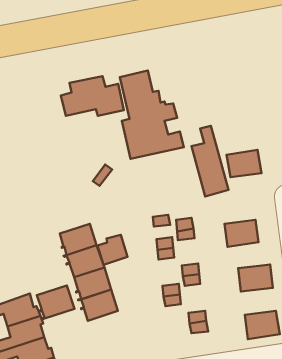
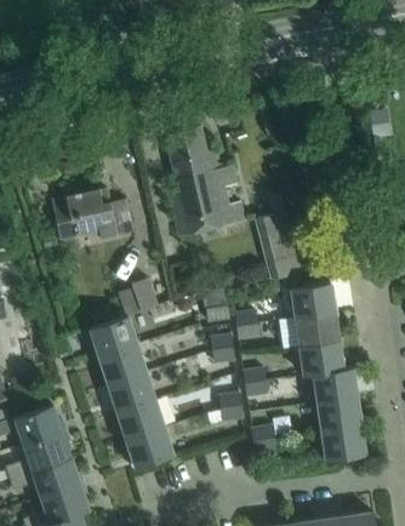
building: [61,76,124,116] -> [55,189,133,239]
building: [227,150,261,177] -> [291,282,335,316]
building: [98,235,128,265] -> [120,278,158,315]
building: none -> [300,339,343,373]
building: [37,285,75,319] -> [125,425,172,468]
building: none -> [316,396,360,430]

